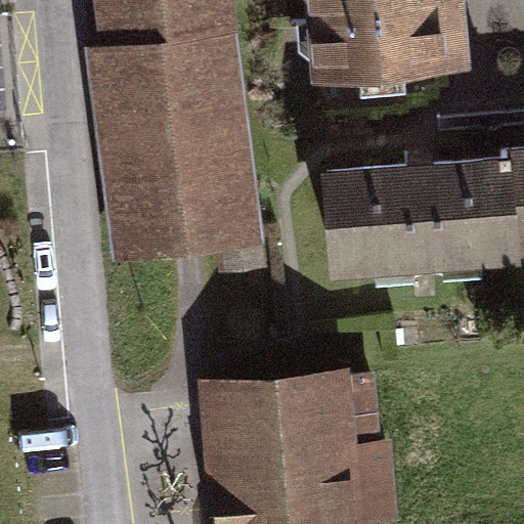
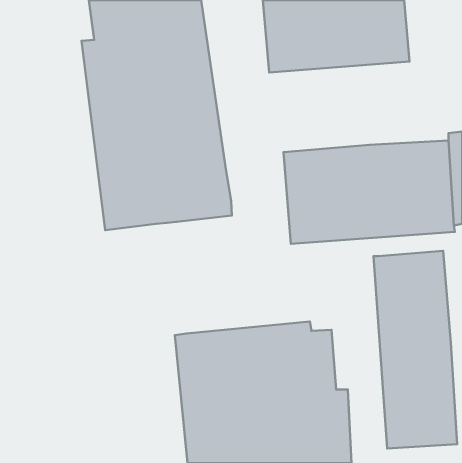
building: none -> [373,251,457,448]

